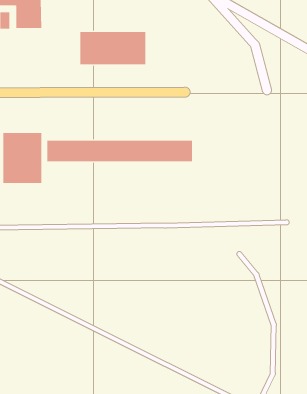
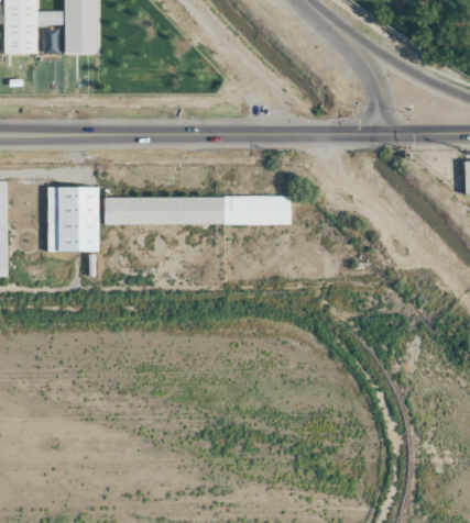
building: [80,31,146,65] -> none

